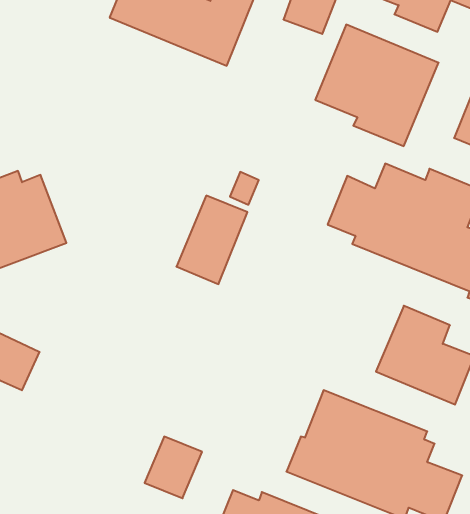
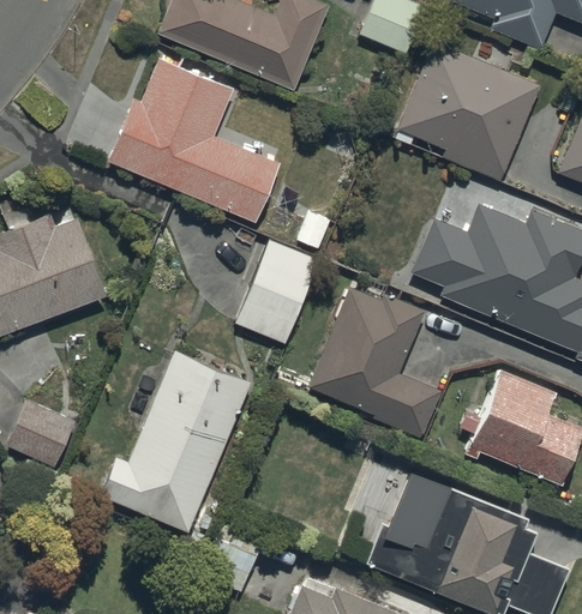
building: none -> [107,58,280,223]
building: none -> [308,288,442,440]
building: none -> [101,350,252,532]

